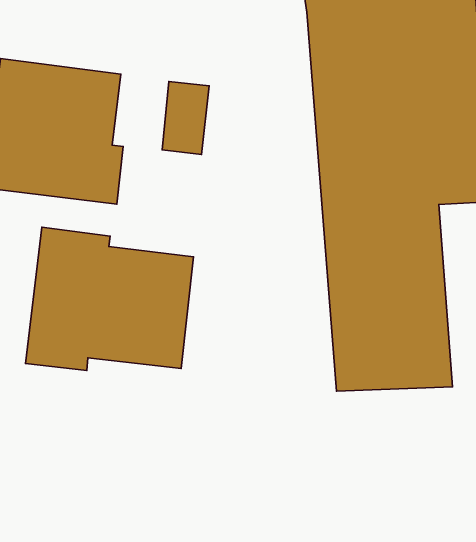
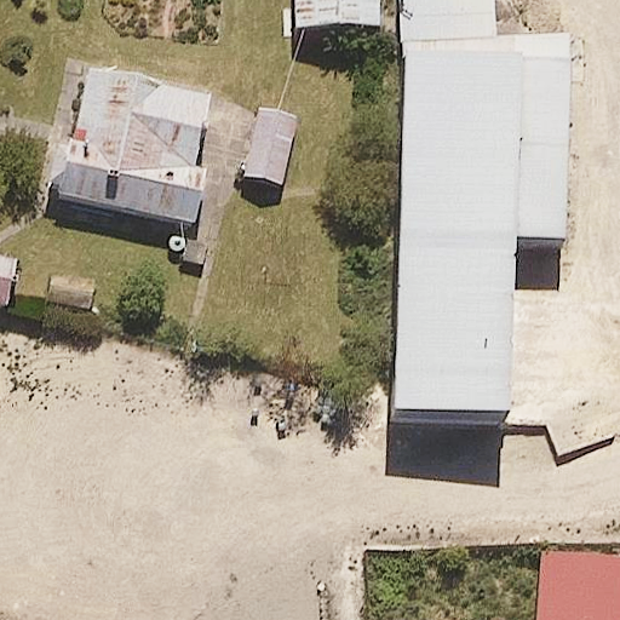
building: [25,227,194,370] -> none

